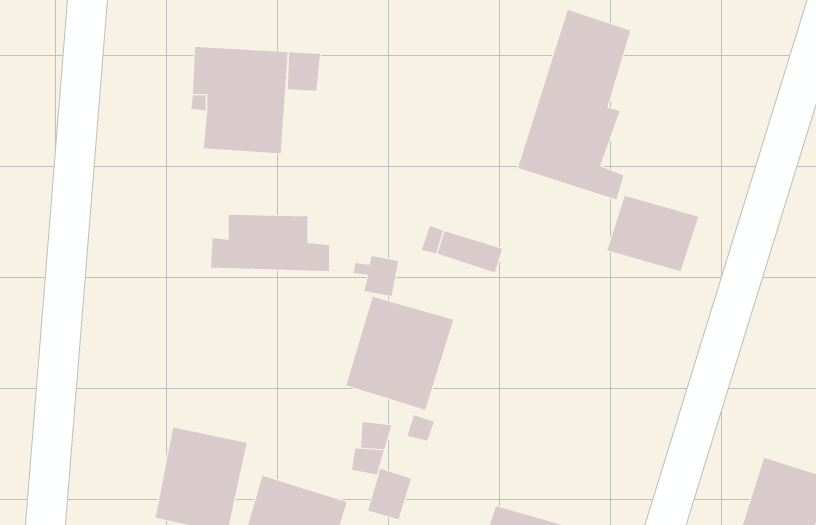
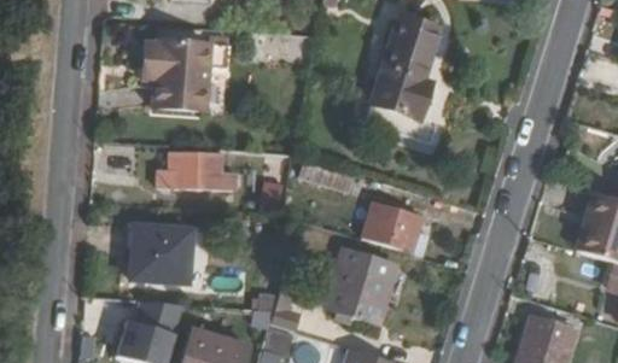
building: [606,195,699,272] -> [362,200,425,252]
building: [345,296,454,410] -> [326,247,400,324]
building: none -> [130,226,192,283]

